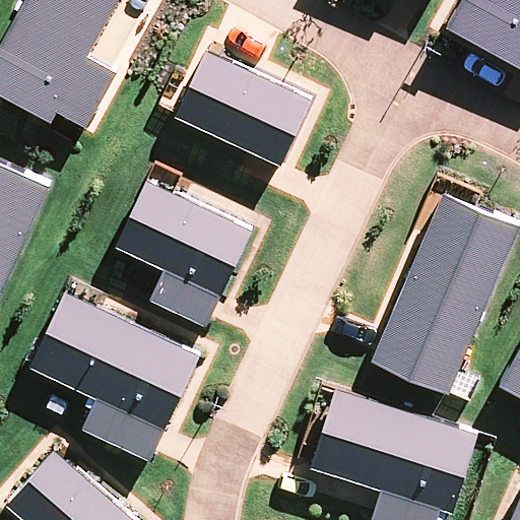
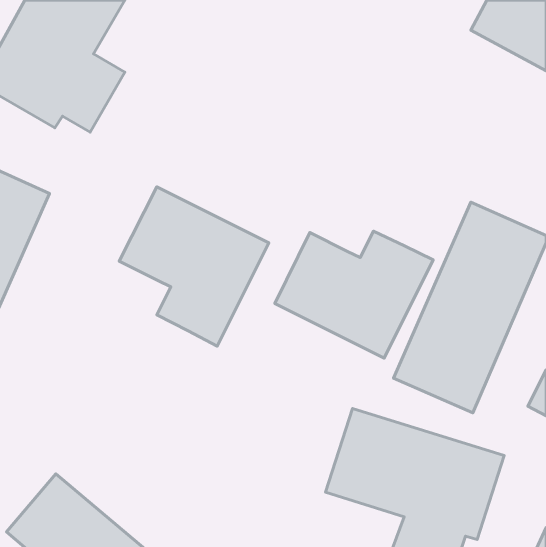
building: [174,51,310,167] -> none
building: none -> [275,231,433,358]
building: [27,290,199,455] -> none

